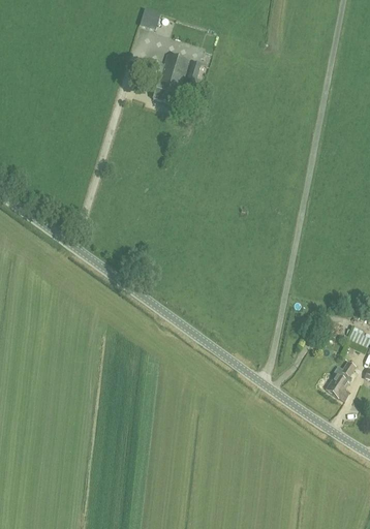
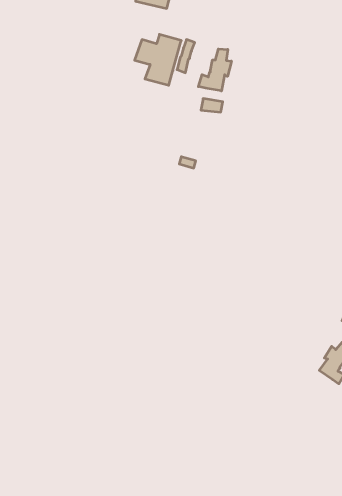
building: none -> [198,49,231,91]

